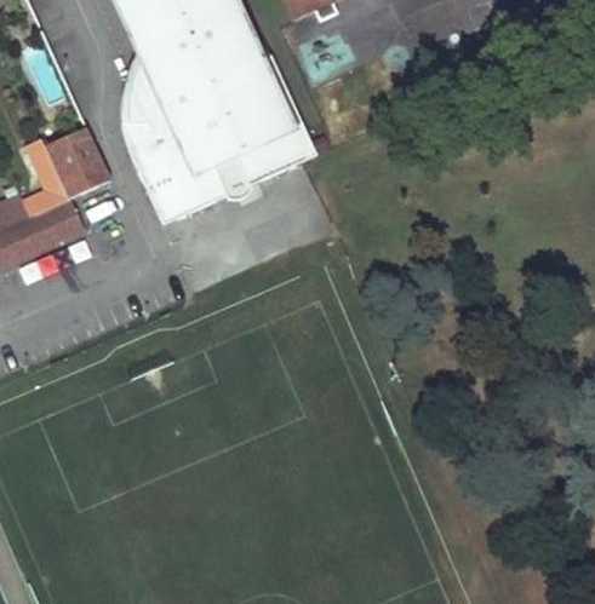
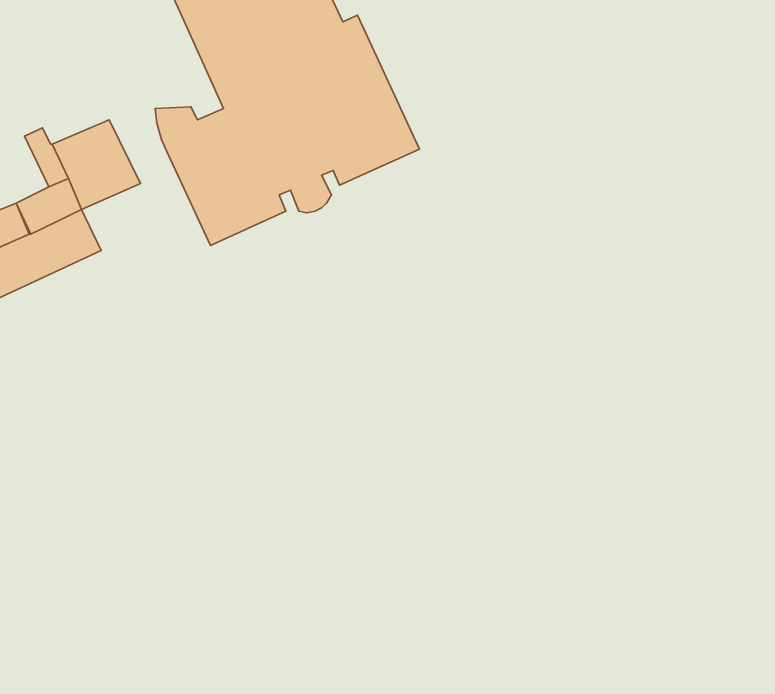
building: [121,48,172,132] -> none

